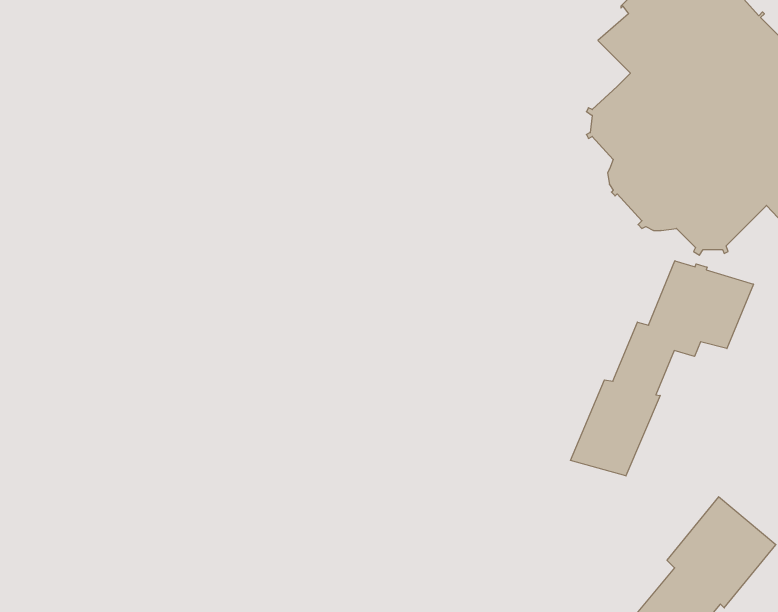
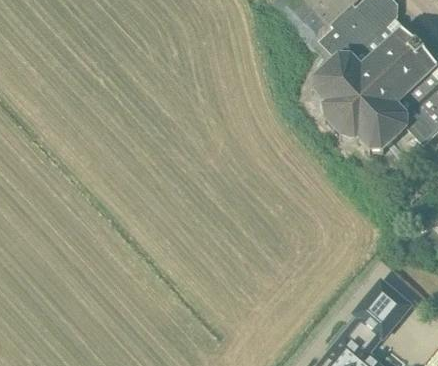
building: [570,261,753,476] -> none

